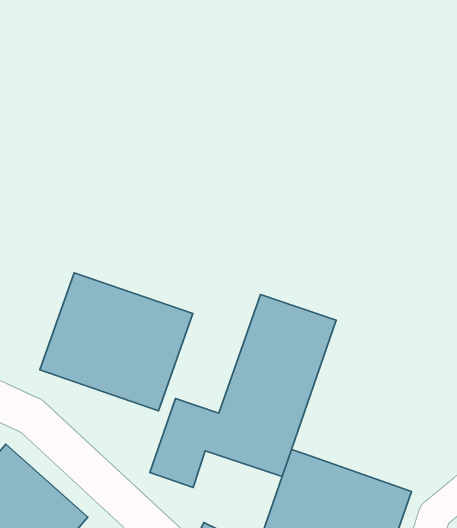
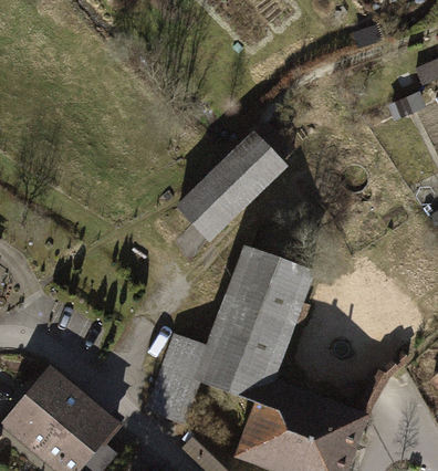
building: none -> [175,139,283,243]
building: [40,273,193,411] -> none

